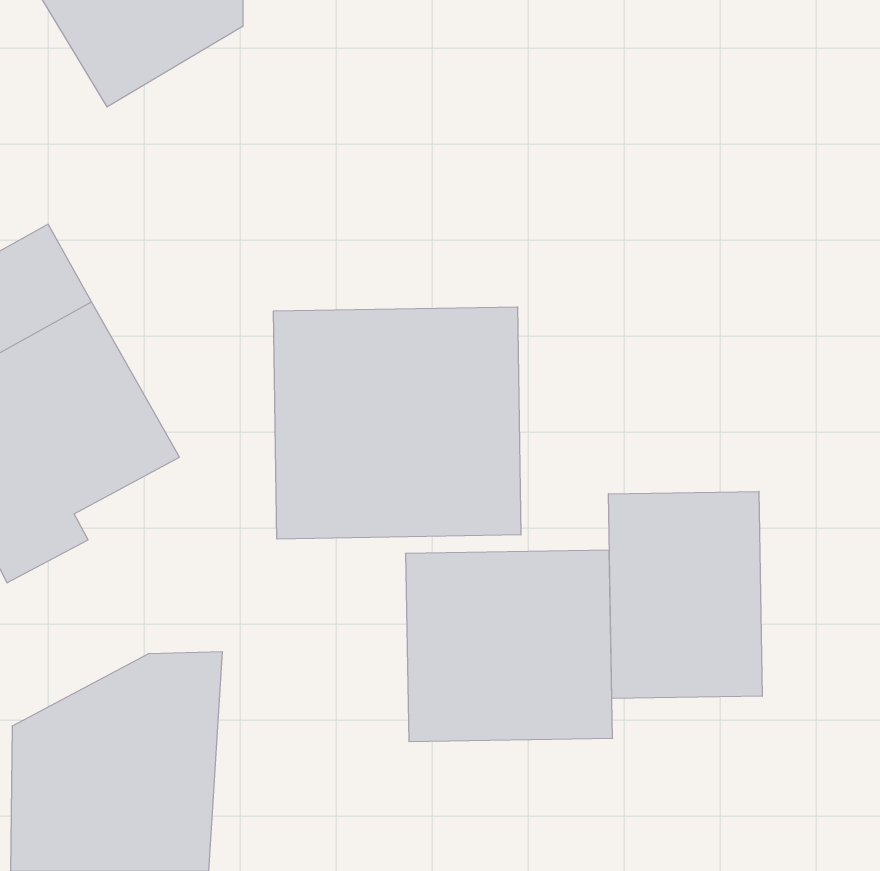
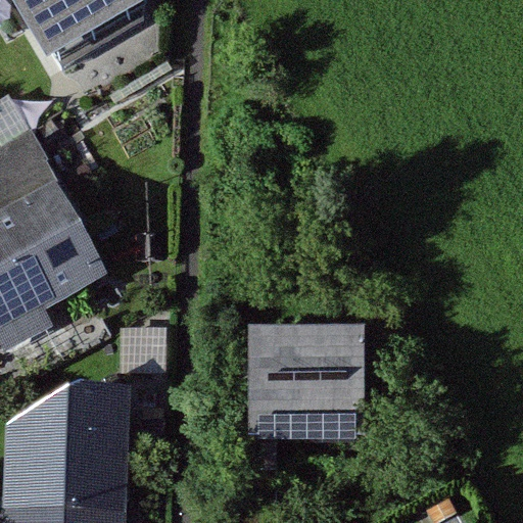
building: [273,307,521,539] -> none
building: [608,491,762,699] -> none

